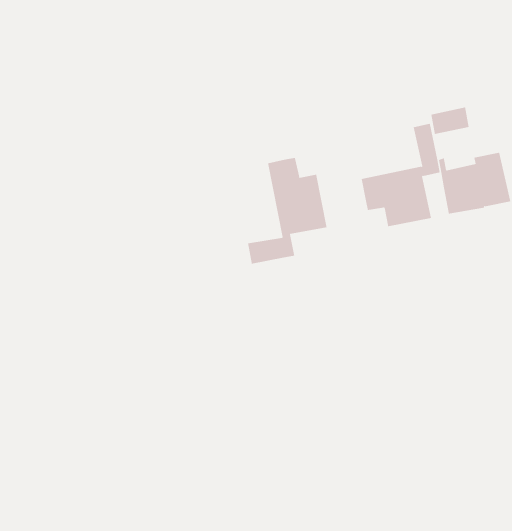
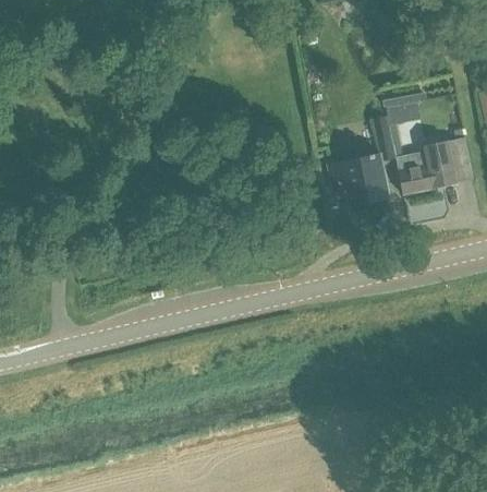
building: [248,157,327,264] -> none

